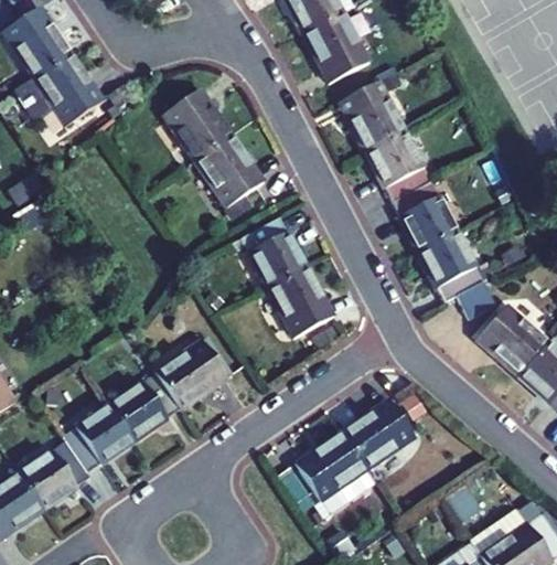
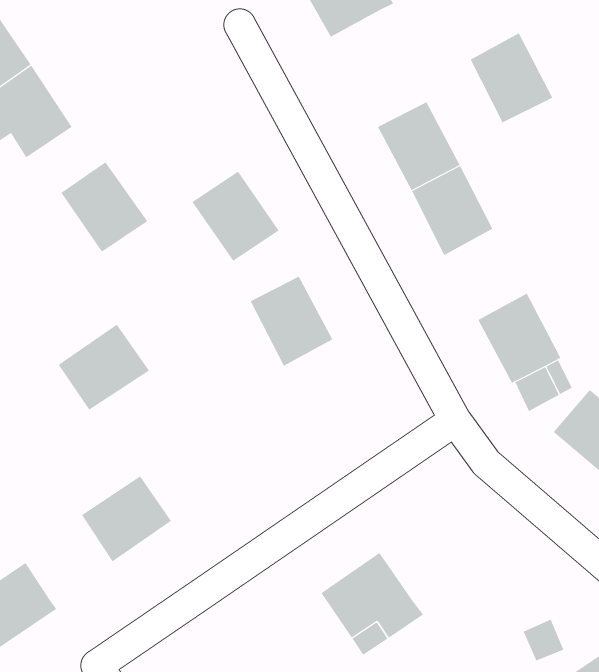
building: [303,10,368,81] -> [470,33,553,123]
building: [163,88,232,159] -> [61,162,148,252]
building: [392,180,457,250] -> none
building: [267,266,332,337] -> none
building: [156,340,227,407] -> [58,324,150,410]
building: [342,399,414,467] -> none
building: [63,403,133,471] -> none

